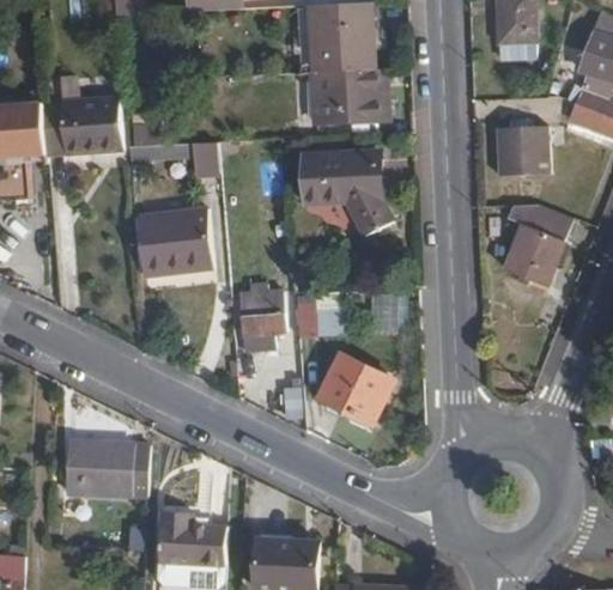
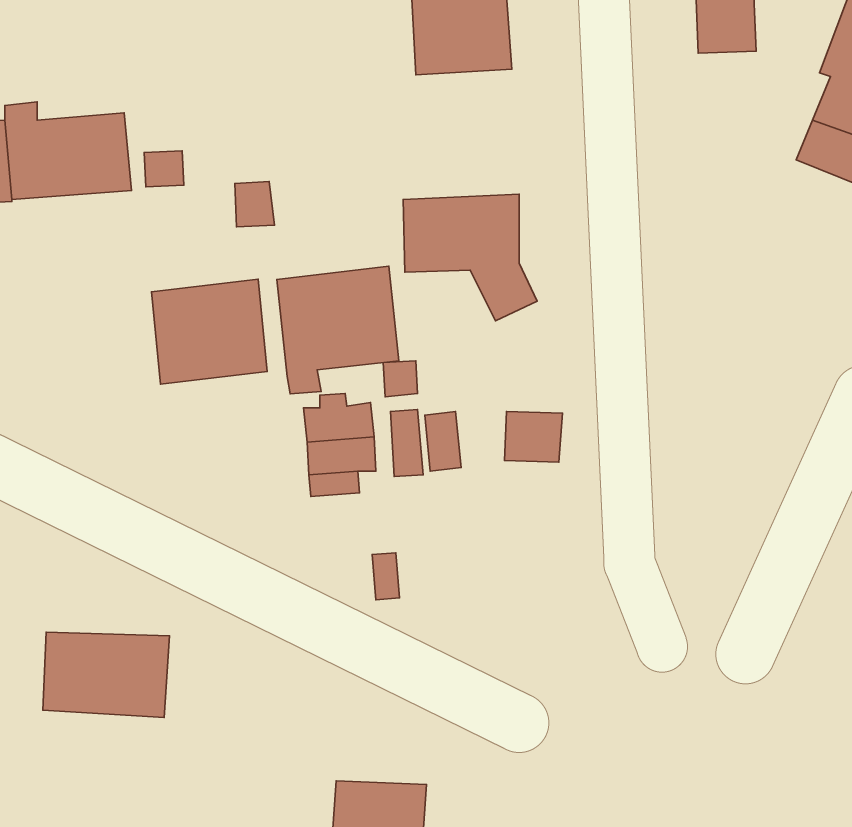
building: [309,69,387,123] -> none
building: [493,127,550,177] -> none
building: none -> [277,266,399,394]
building: [505,205,572,287] -> none
building: [320,354,393,424] -> none
building: [159,511,226,565] -> none

